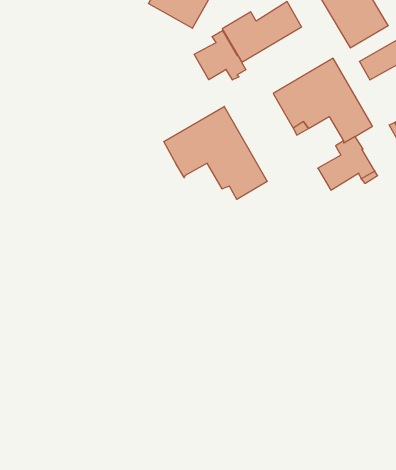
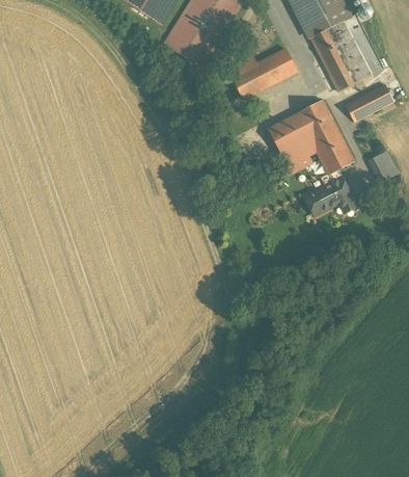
building: [194,30,246,80] -> none
building: [164,106,267,199] -> none

